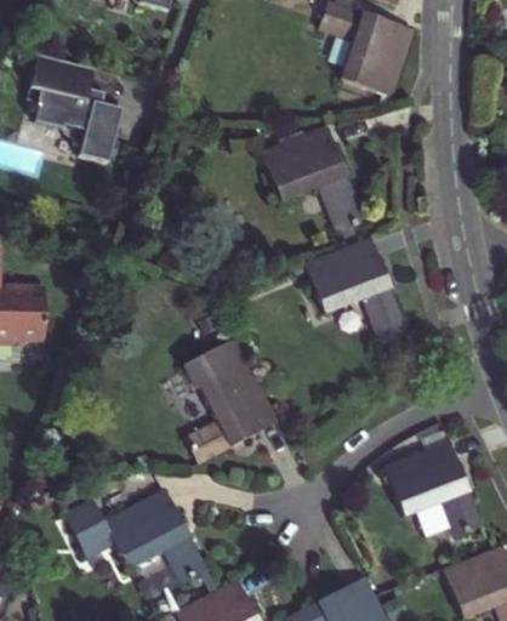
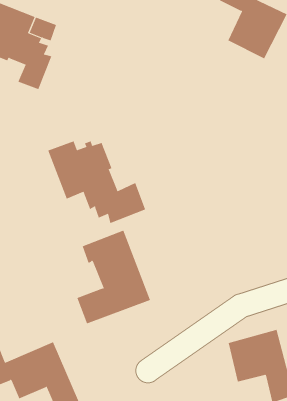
building: [263,124,364,229] -> none
building: none -> [47,140,146,224]
building: [306,234,409,343] -> none

